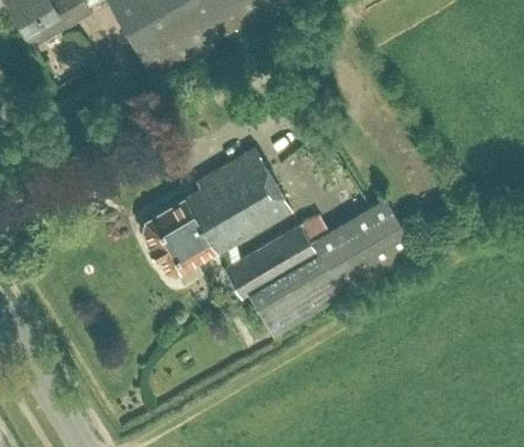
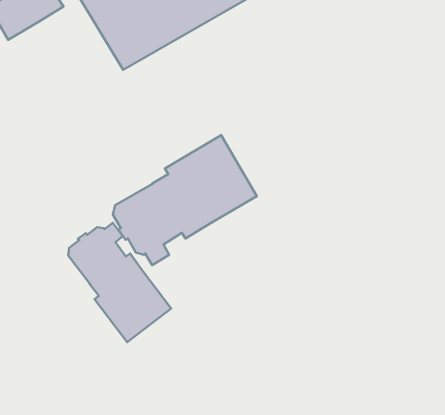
building: [224,206,415,333] -> none
building: none -> [68,223,171,342]

